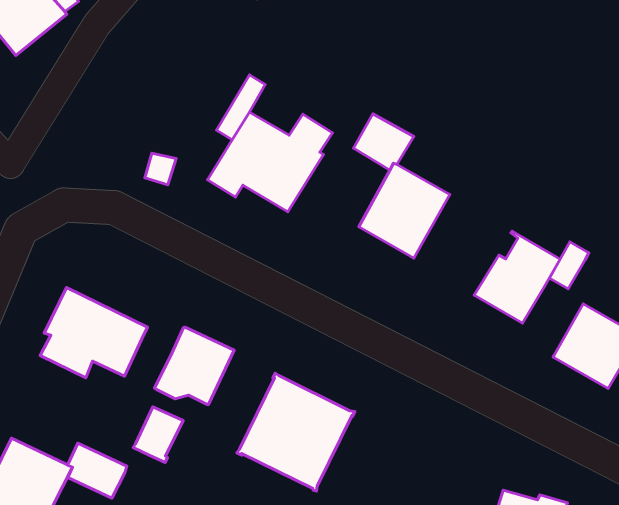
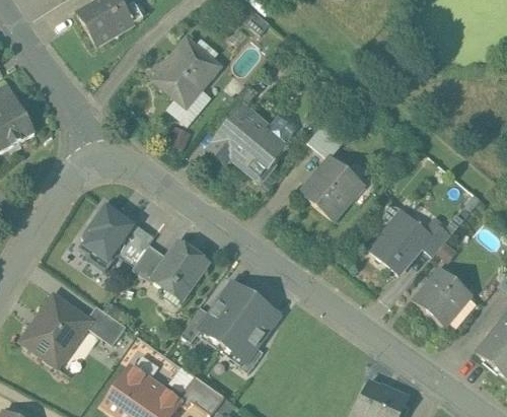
building: none -> [154,38,220,105]
building: [133,407,183,462] -> [132,244,167,281]

